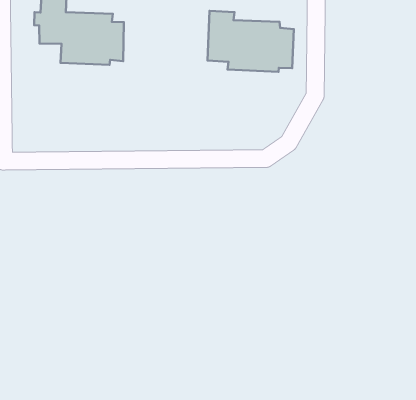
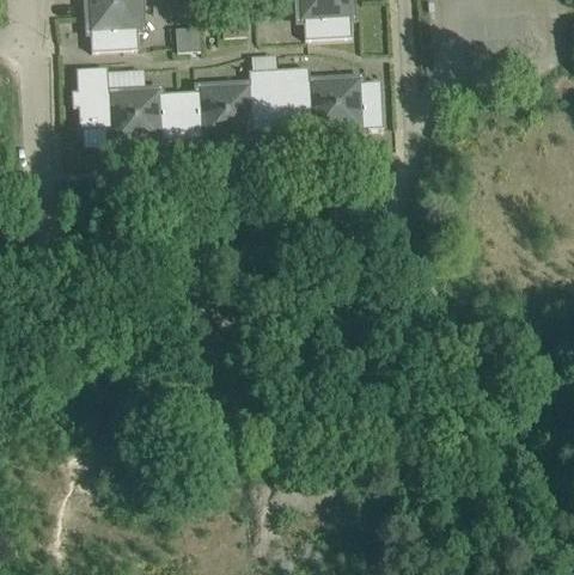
building: none -> [178,67,282,142]

